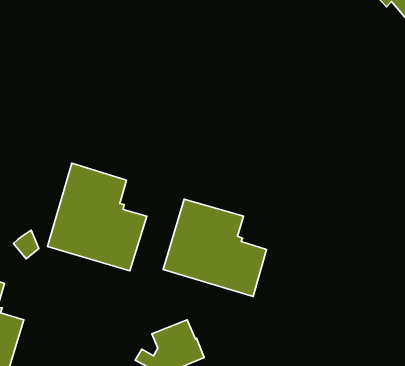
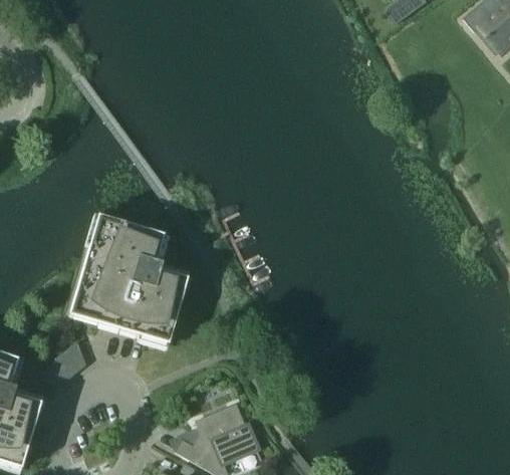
building: [163,199,266,296] -> none
building: [14,230,39,259] -> [56,341,86,376]

